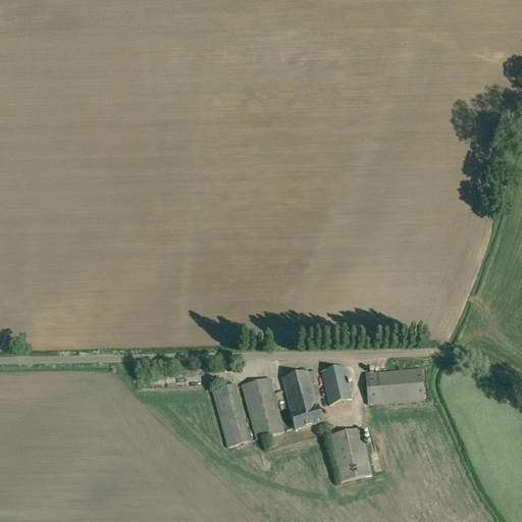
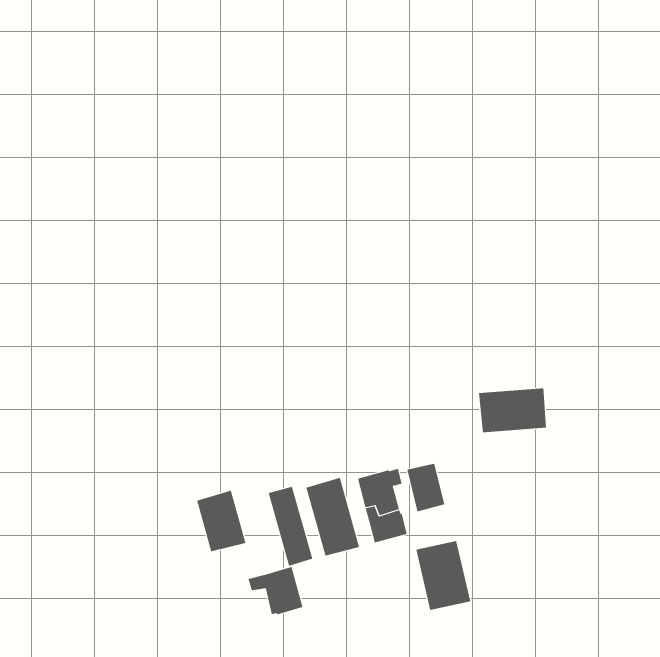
building: [368,367,422,403] -> [478,388,547,433]
building: none -> [197,490,246,552]
building: none -> [248,566,303,615]

